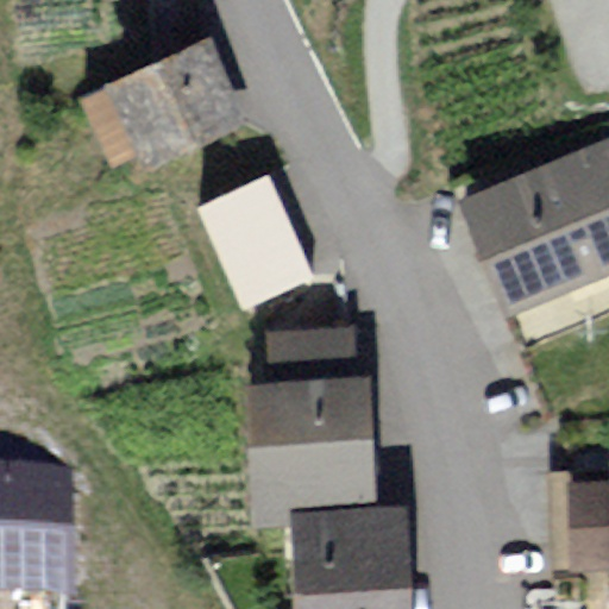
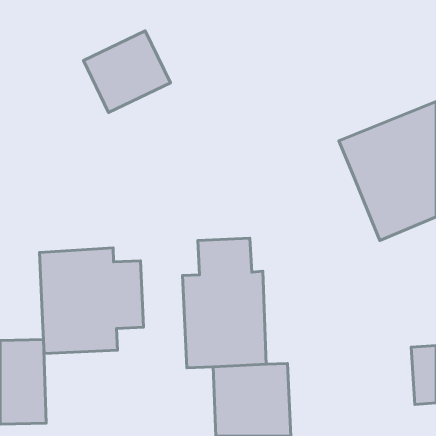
building: [209,180,306,295] -> none
building: none -> [39,248,144,354]

